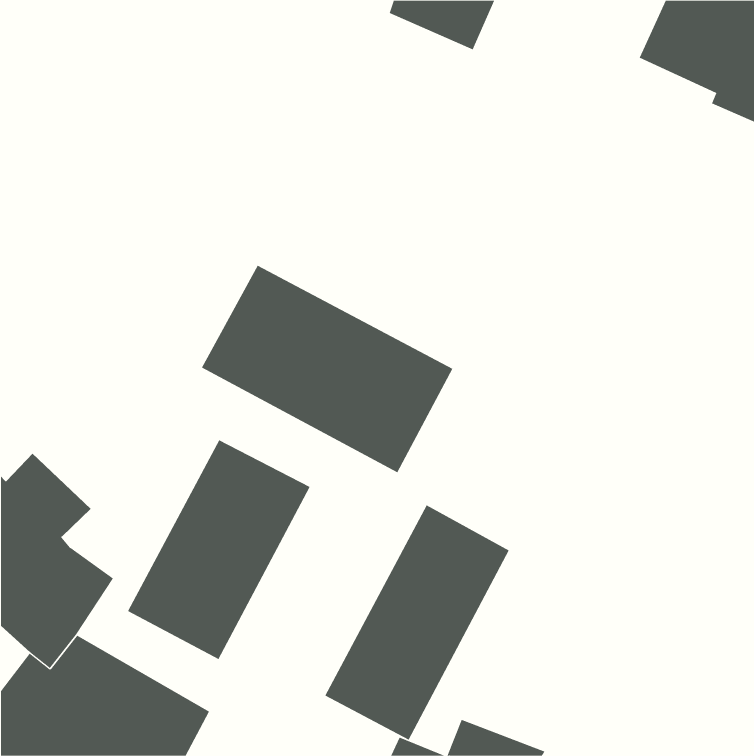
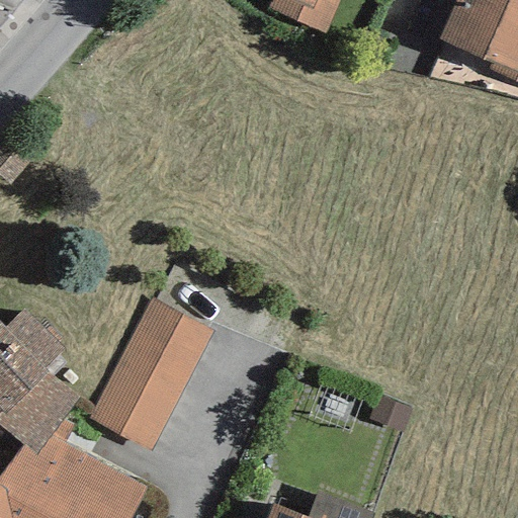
building: [201,265,453,473] -> none
building: [324,504,510,741] -> none

